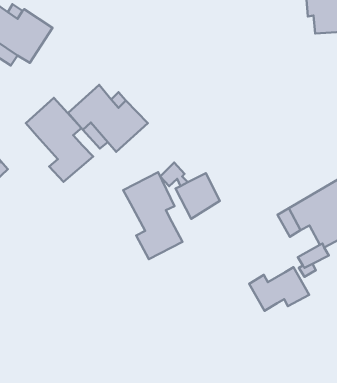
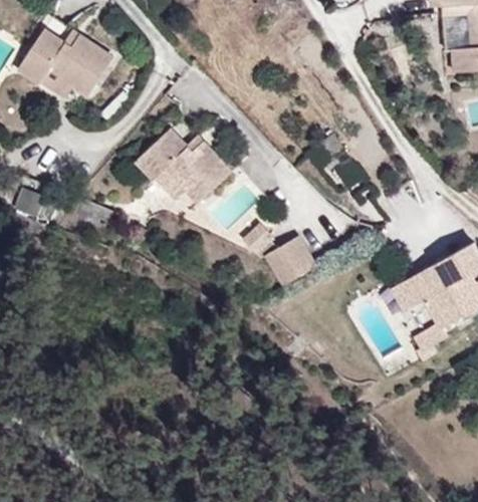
building: [26,98,93,182] -> none
building: [123,172,183,259] -> none
building: [249,267,309,311] -> none

